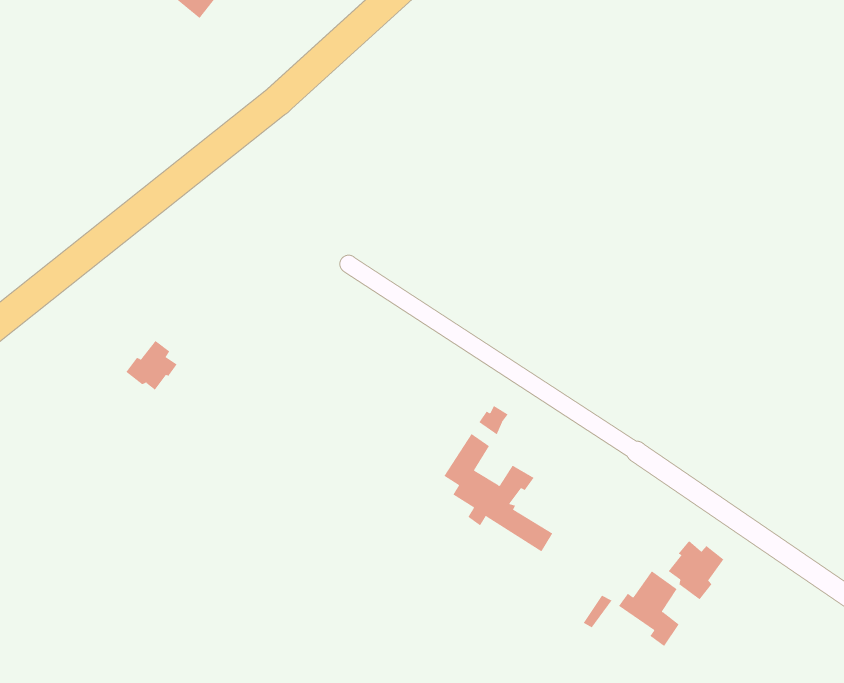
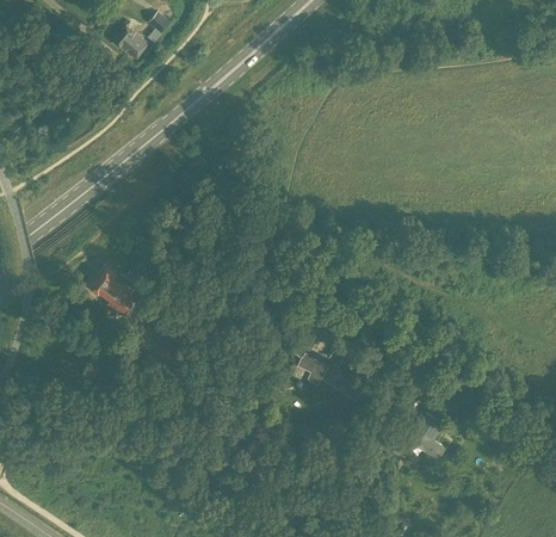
building: none -> [107,283,136,317]
building: [668,540,724,600] -> none

